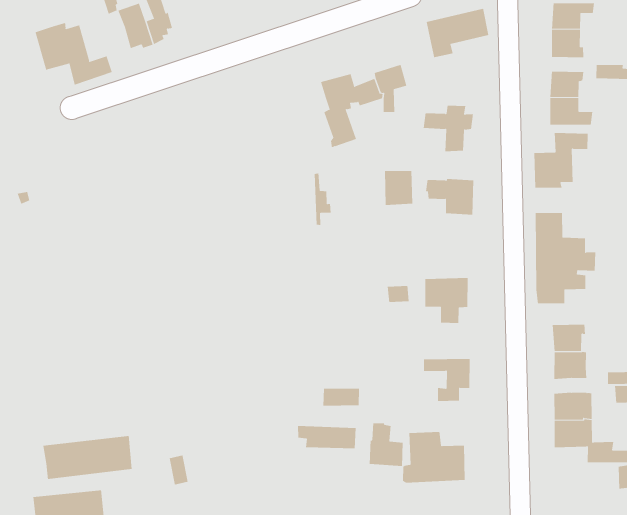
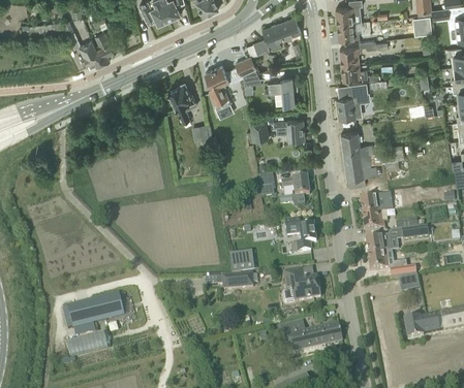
building: [35,22,112,86] -> none
building: none -> [168,83,195,123]
building: [369,423,403,467] -> none

